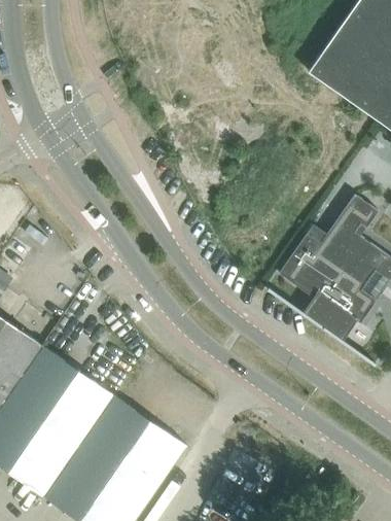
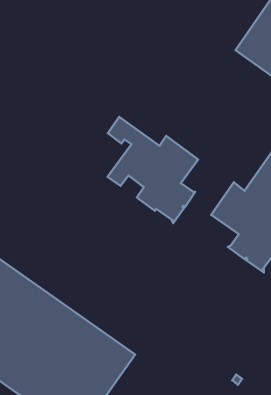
building: none -> [108,117,198,223]

